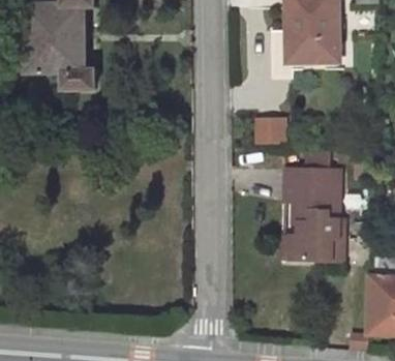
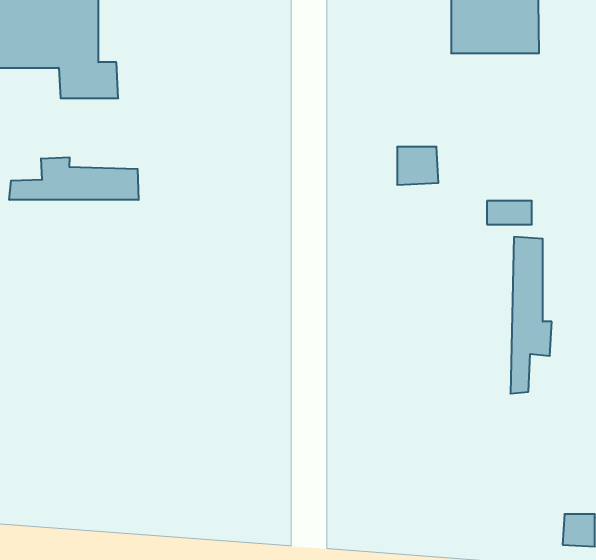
building: none -> [9,157,139,200]
building: [282,171,323,261] -> none

